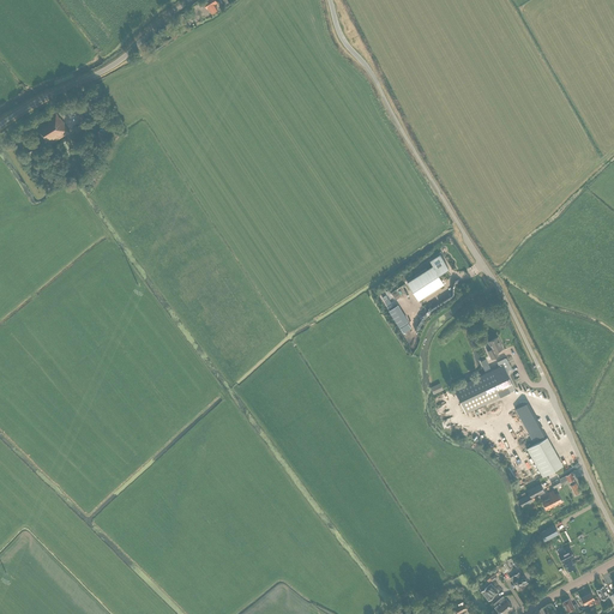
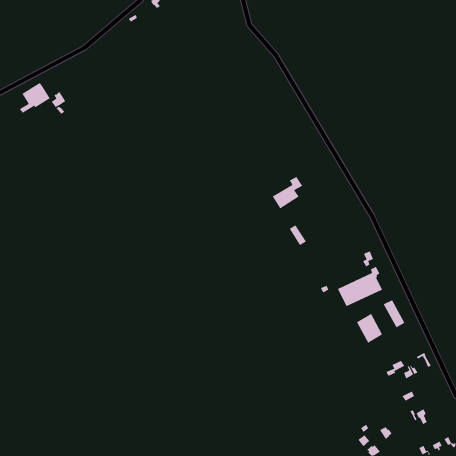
building: [405,254,447,299] -> [272,176,303,209]
building: [525,435,561,476] -> [356,313,383,343]

